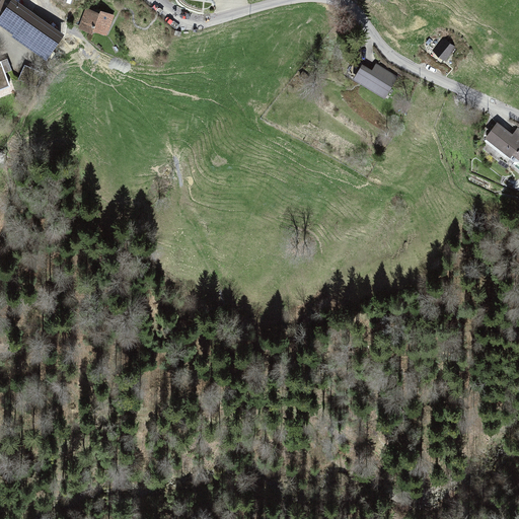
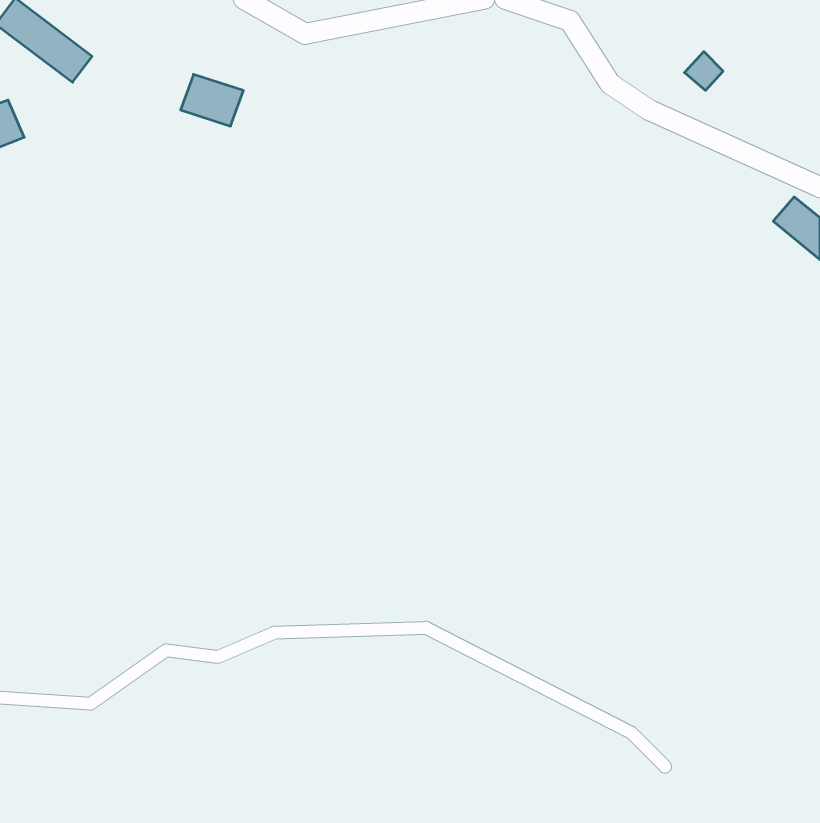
building: [78,8,118,41] -> [181,74,243,126]
building: [351,62,393,96] -> none

